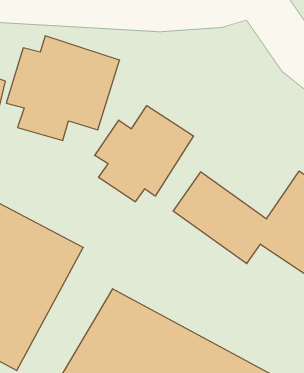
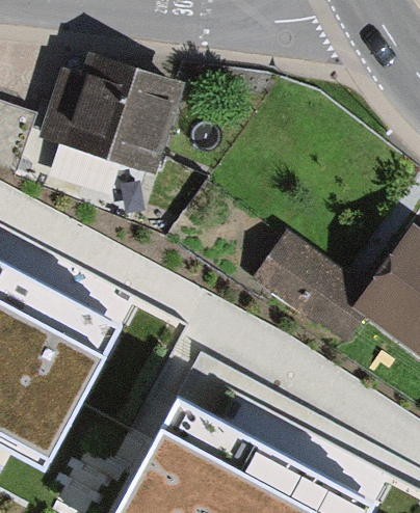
building: [95,106,193,202] -> none

